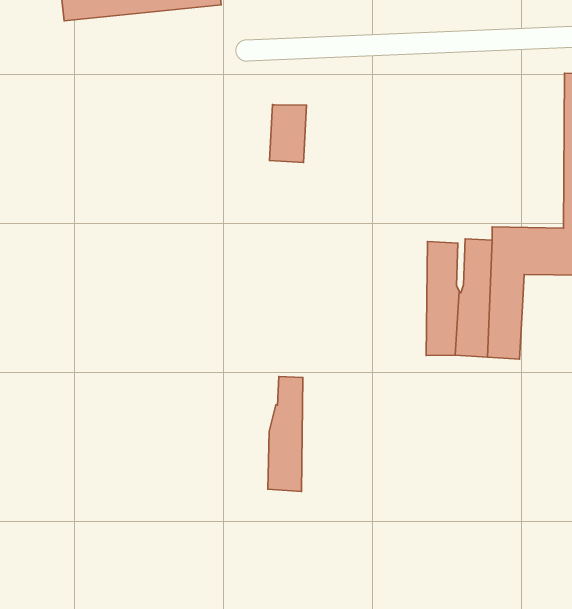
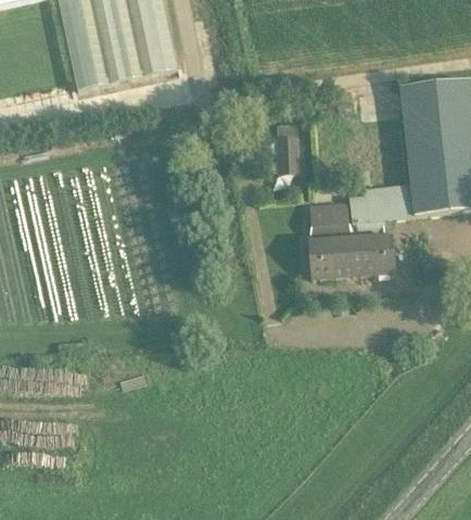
building: [270,105,307,163] -> [276,135,300,173]
building: [268,376,303,491] -> [308,203,333,277]

